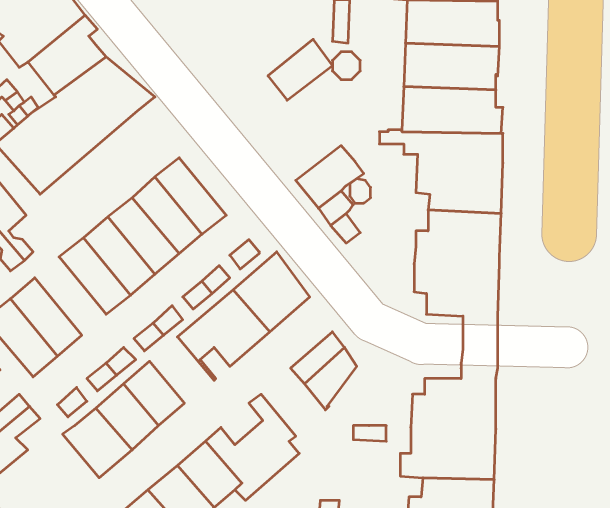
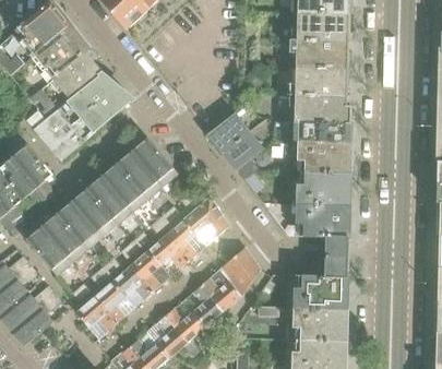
building: [268,39,332,100] -> [210,112,250,151]
building: none -> [58,199,103,248]
building: none -> [130,249,170,290]
building: none -> [200,269,240,311]

